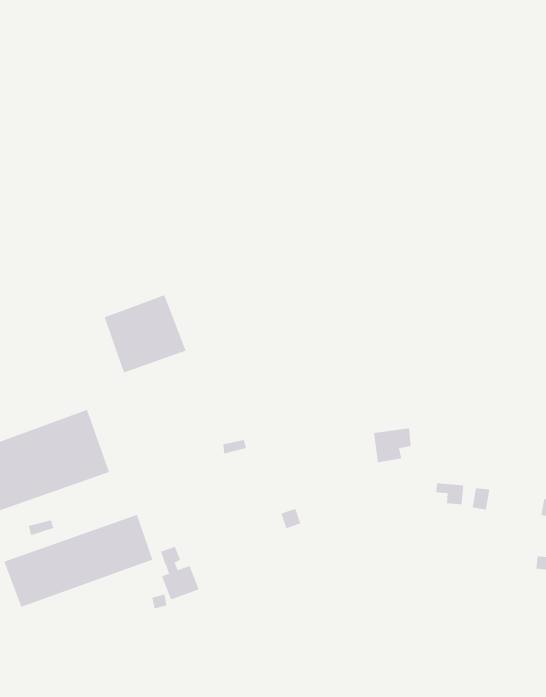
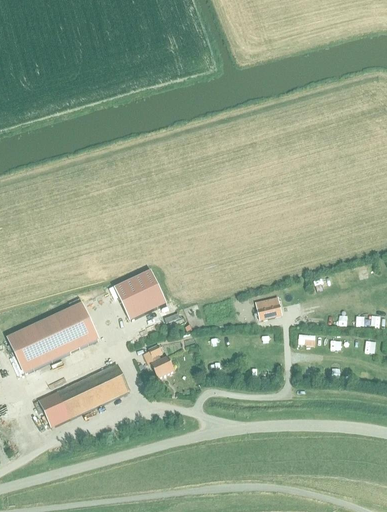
building: [104,295,186,373] -> [114,270,166,320]
building: [160,546,200,600] -> [148,345,174,378]

